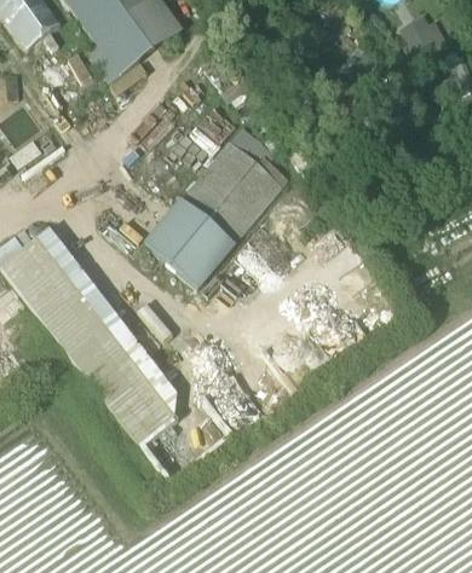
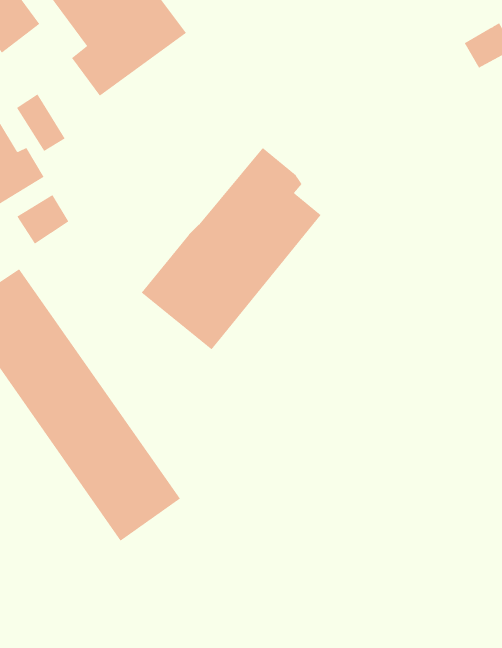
building: none -> [16,93,65,152]
building: none -> [17,194,69,245]

